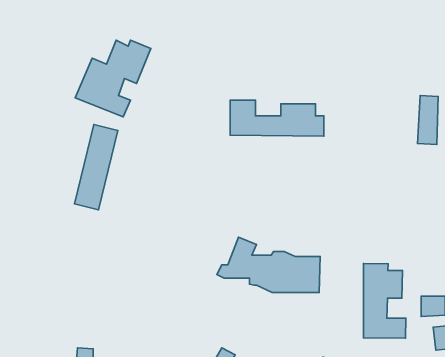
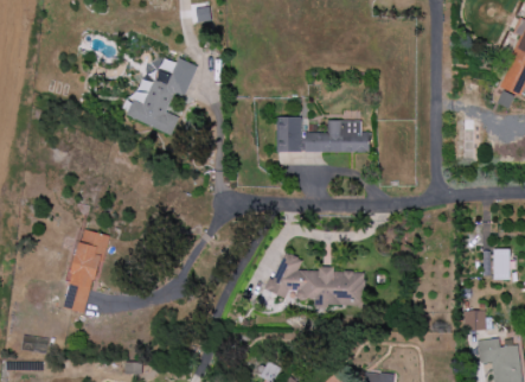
building: [75,124,118,210] -> [63,229,105,313]
building: [363,264,406,338] -> none

